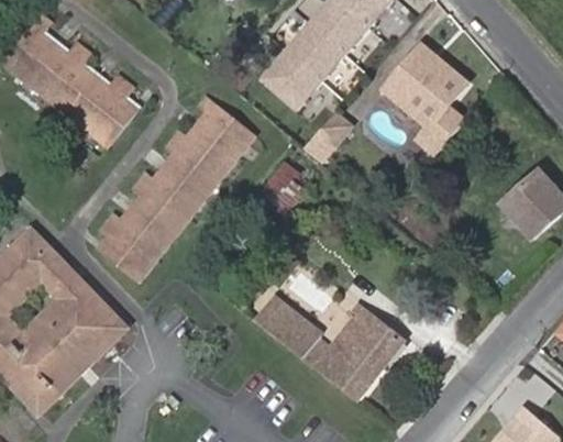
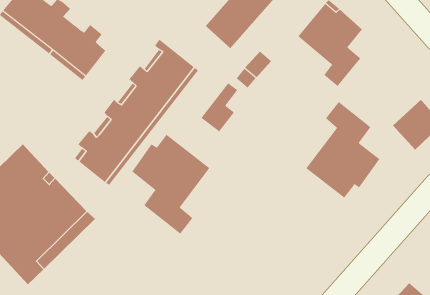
building: none -> [306,101,380,199]
building: none -> [131,134,210,234]
building: [258,298,404,399] -> none

